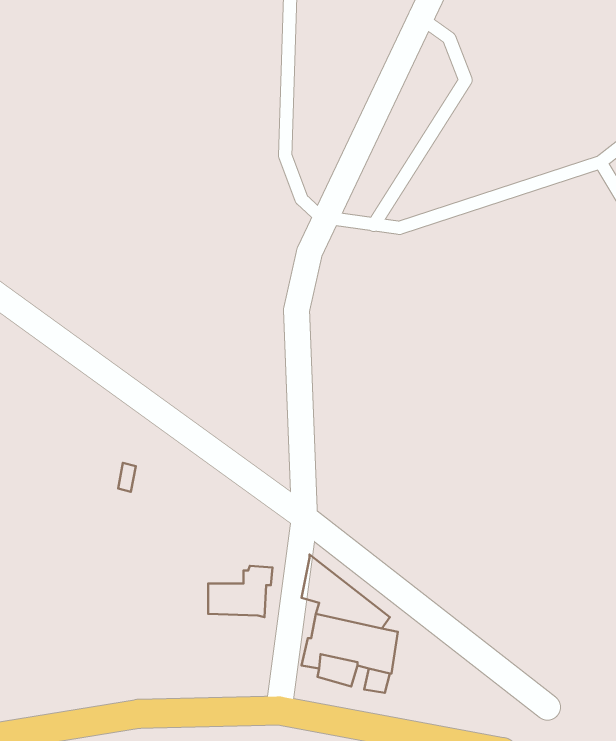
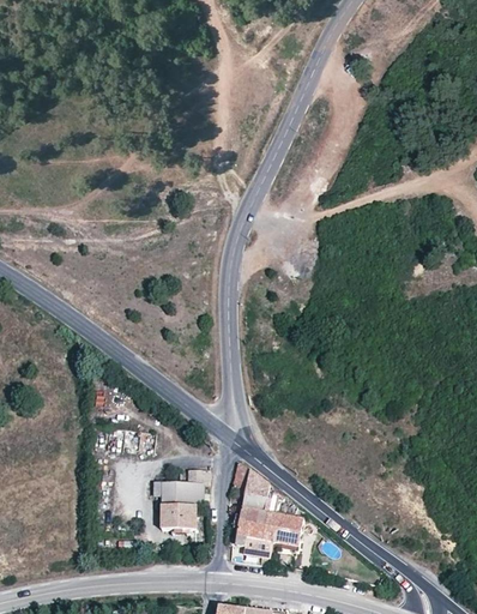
building: none -> [159,505,198,531]

